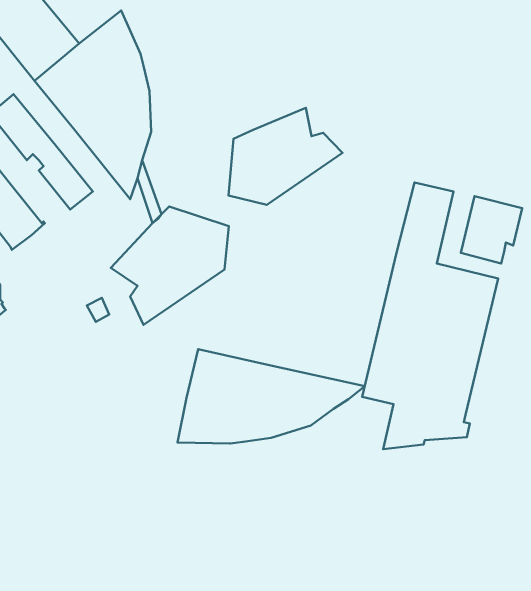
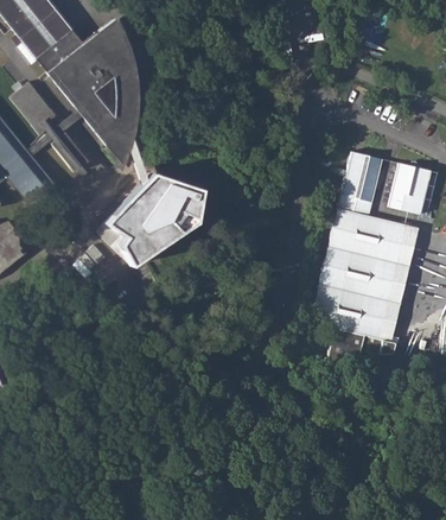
building: [229,108,342,205] -> none
building: [177,349,365,443] -> none

